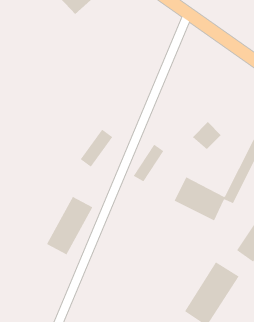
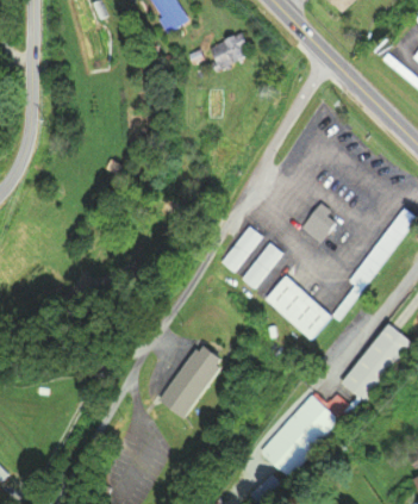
building: none -> [210,36,252,69]
building: [80,129,113,167] -> [236,241,285,290]
building: [46,196,93,255] -> [161,340,231,417]

